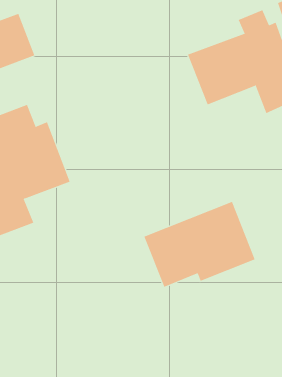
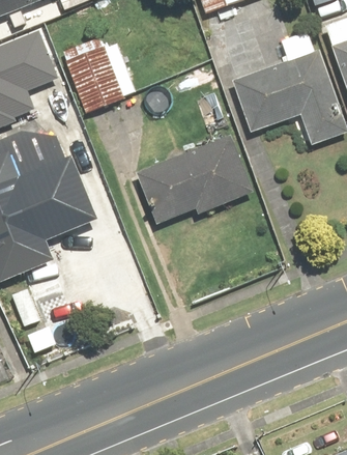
building: none -> [62,35,122,111]
building: [144,201,256,287] -> [136,130,257,223]

